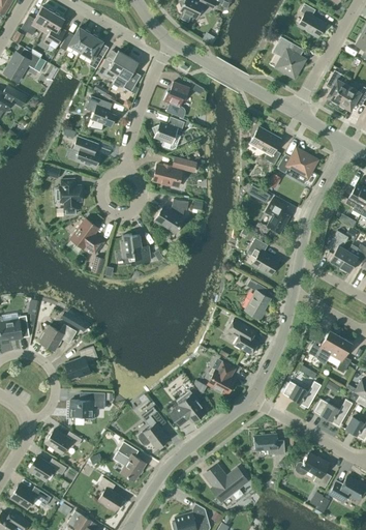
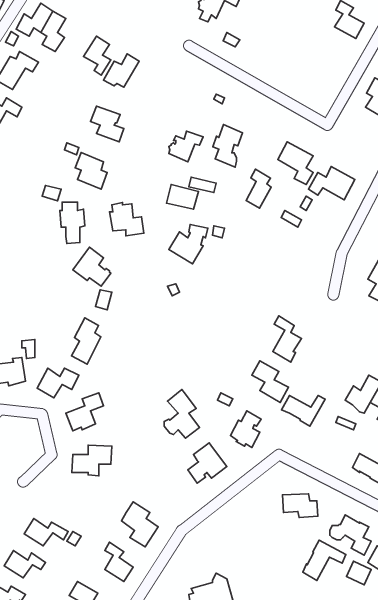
building: [61,27,92,52] -> none
building: [275,39,306,79] -> none
building: [113,56,141,94] -> none
building: [164,81,190,118] -> [213,124,242,167]
building: none -> [246,169,271,208]
building: [266,198,291,233] -> none
building: [121,233,151,262] -> [109,202,144,236]
building: [249,237,279,275] -> none
building: none -> [71,318,101,364]
building: [283,381,322,408] -> [281,395,325,426]
building: [139,406,170,448] -> [164,389,200,438]
building: [47,429,83,452] -> none
building: [205,465,247,500] -> none
building: none -> [303,540,346,581]

